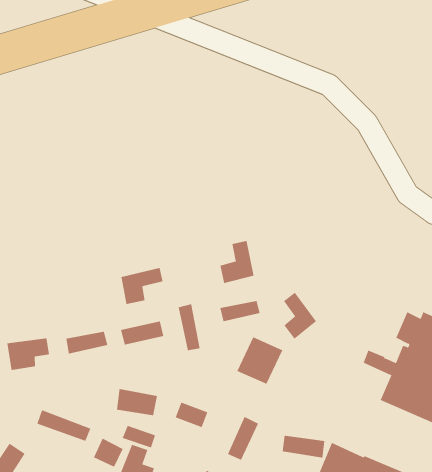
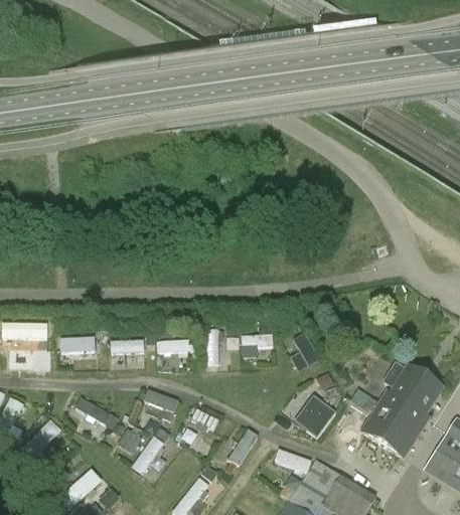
building: [220,240,254,284] -> none
building: [121,267,163,305] -> none
building: [236,337,283,384] -> [294,396,335,438]

